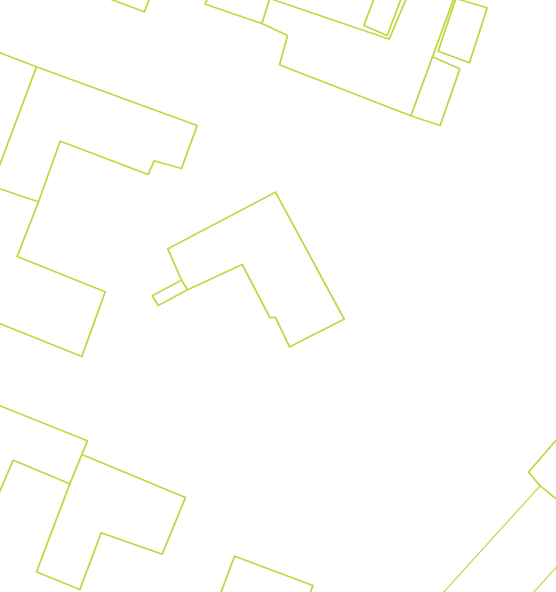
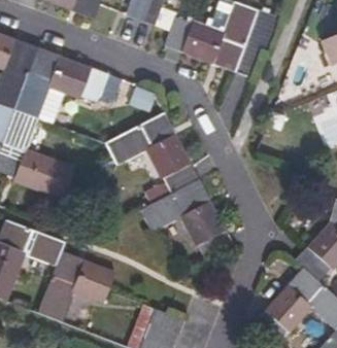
building: none -> [140,179,233,259]

